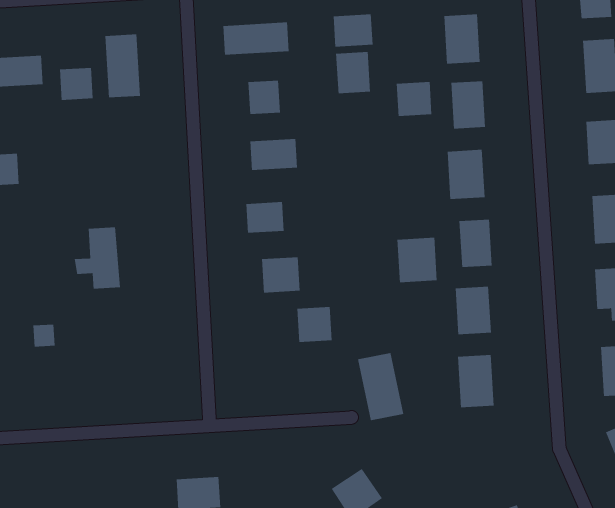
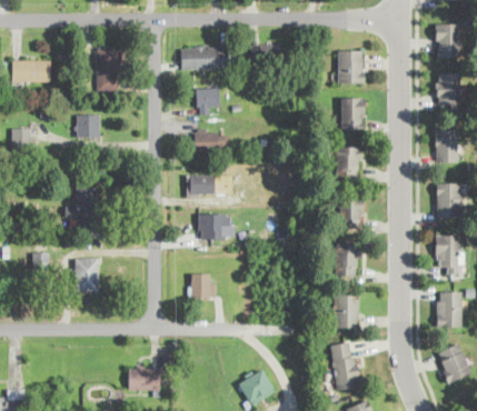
building: [336,51,371,94] -> none
building: [59,67,94,100] -> [76,116,99,138]
building: [396,81,432,117] -> none
building: [397,237,437,283] -> none
building: [296,306,333,343] -> [189,274,213,299]
building: none -> [76,259,98,291]
building: [357,353,404,421] -> [329,343,360,391]

